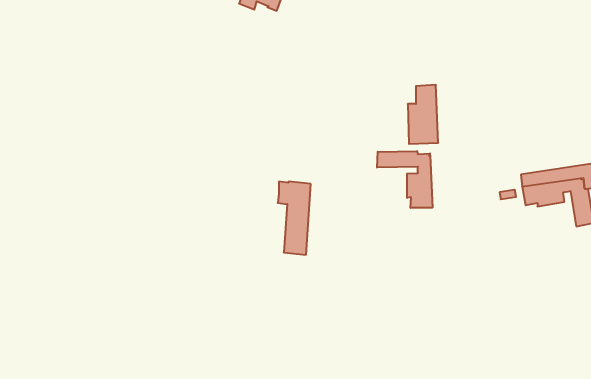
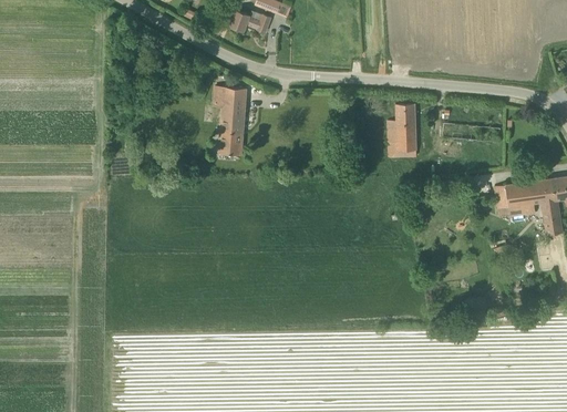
building: [377,151,432,208] -> none
building: [278,182,311,255] -> [215,86,246,155]

